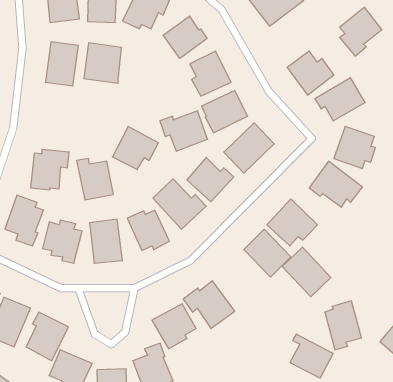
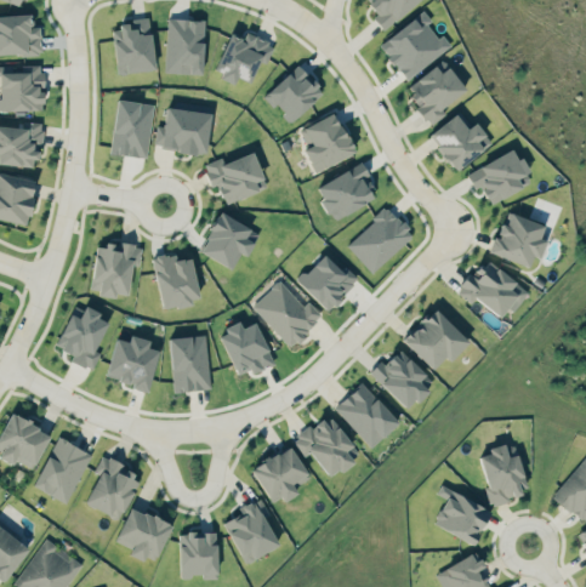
building: [340,7,382,56] -> [411,61,467,125]
building: [160,111,208,151] -> [205,152,268,205]
building: [282,247,331,297] -> [336,383,400,449]

